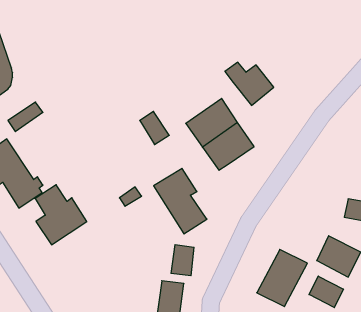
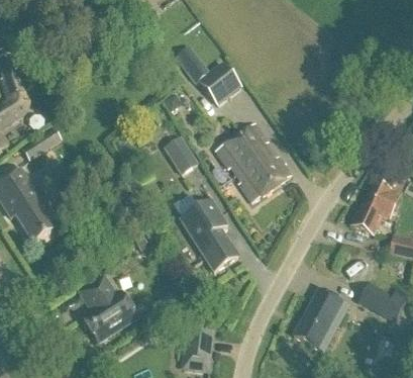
building: [225,62,274,105] -> [188,58,241,105]
building: none -> [351,182,399,234]
building: [35,185,87,245] -> [81,277,137,343]
building: [171,245,194,276] -> none
building: [309,276,343,308] -> none

